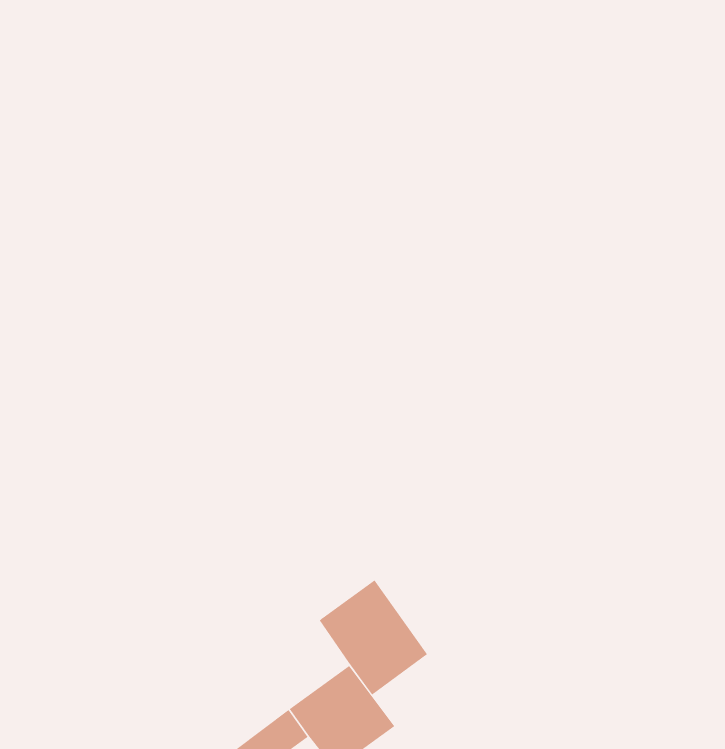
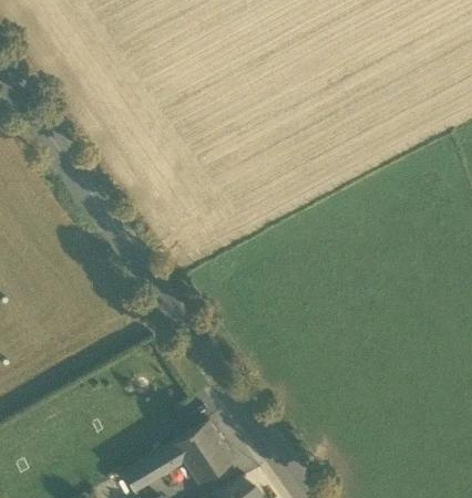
building: [319,579,428,695] -> none

